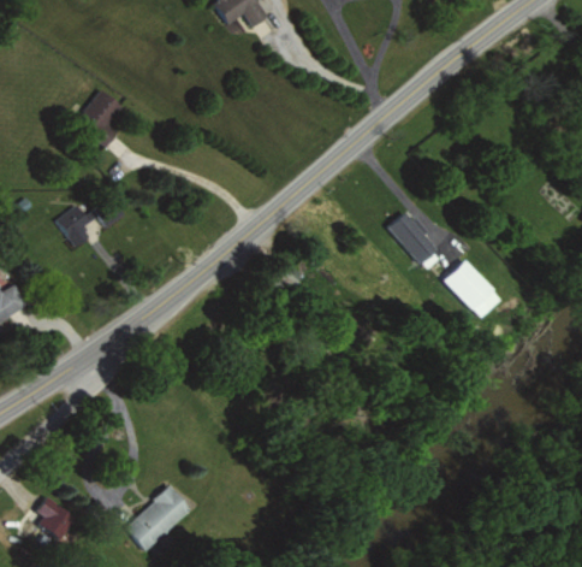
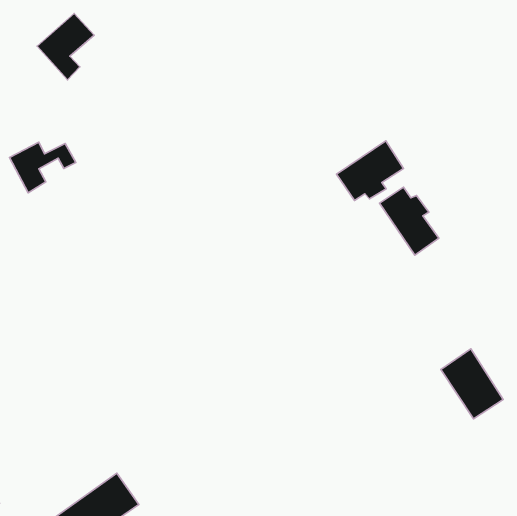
building: none -> [337,141,404,200]
building: [435,256,492,317] -> [441,349,503,419]

